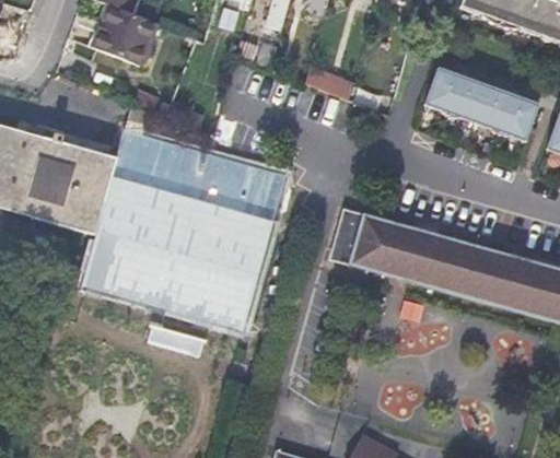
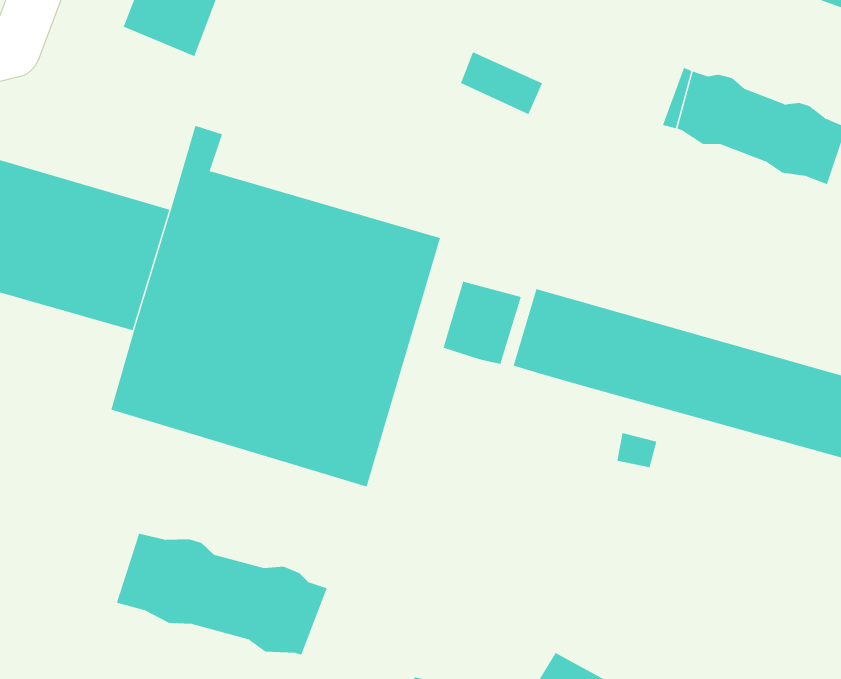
building: none -> [443,281,521,365]
building: none -> [116,533,327,656]

